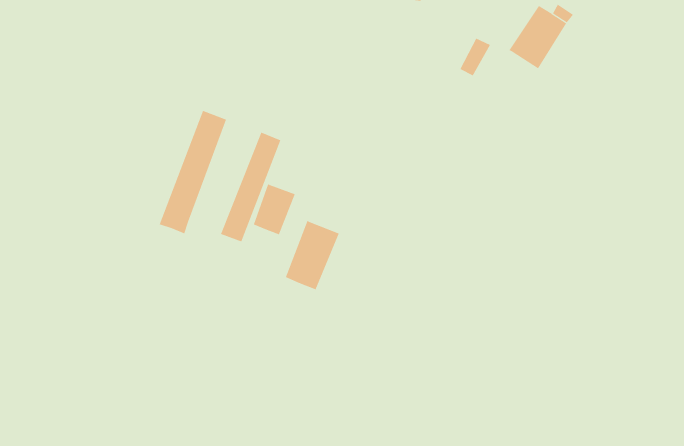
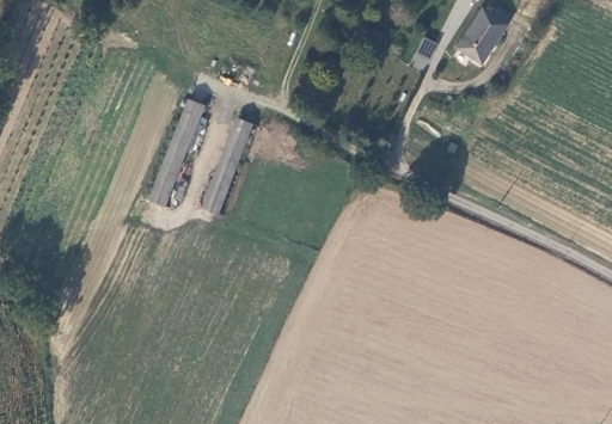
building: [253,183,295,235] -> none
building: [285,220,340,290] -> none

